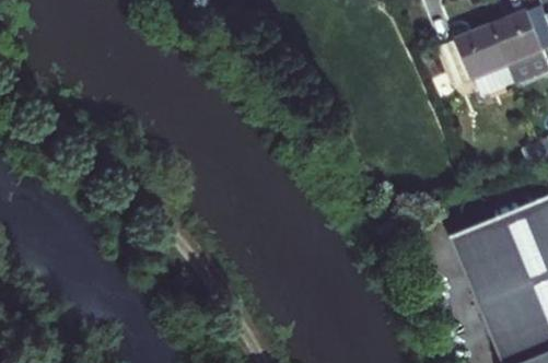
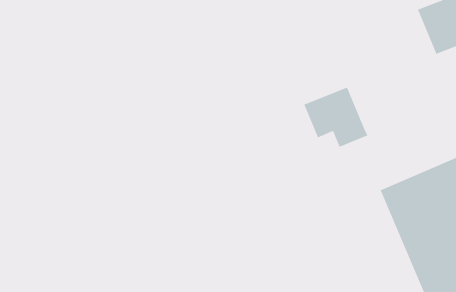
building: [444,24,520,95] -> [303,87,368,148]

